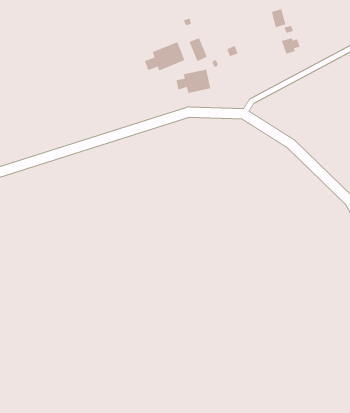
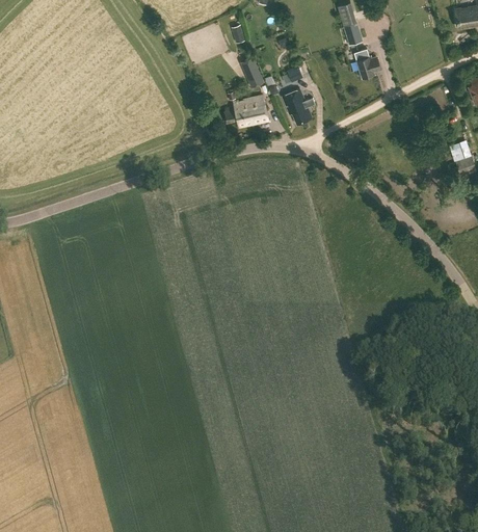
building: [144,41,186,71] -> none
building: none -> [282,87,313,124]

